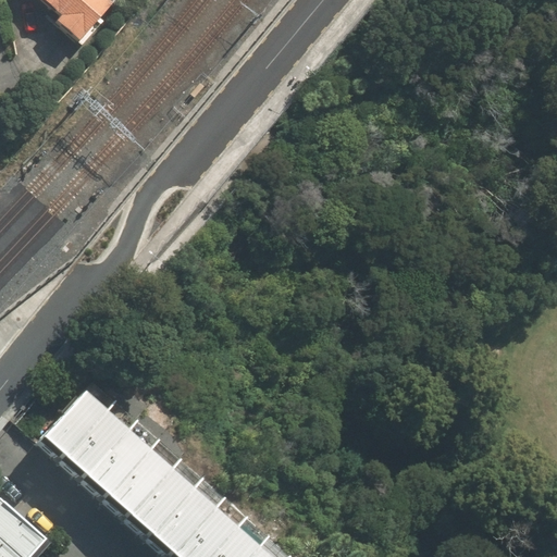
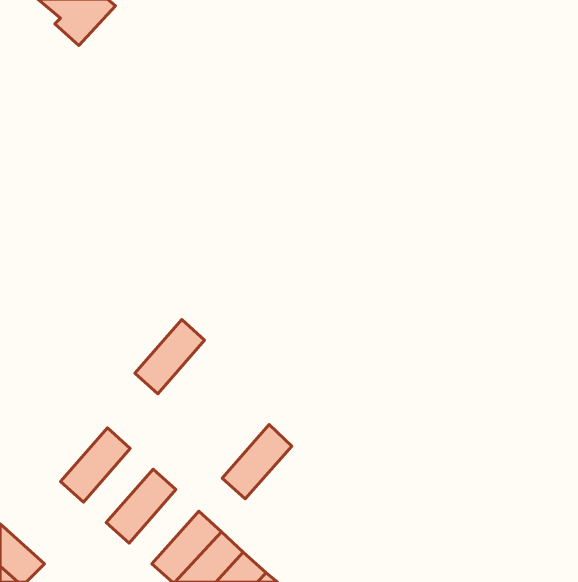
building: [41,388,108,459] -> [135,320,205,394]
building: [85,428,151,498] -> none
building: [128,467,195,537] -> [222,425,292,499]

